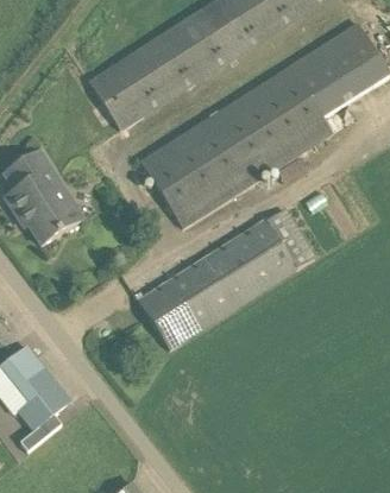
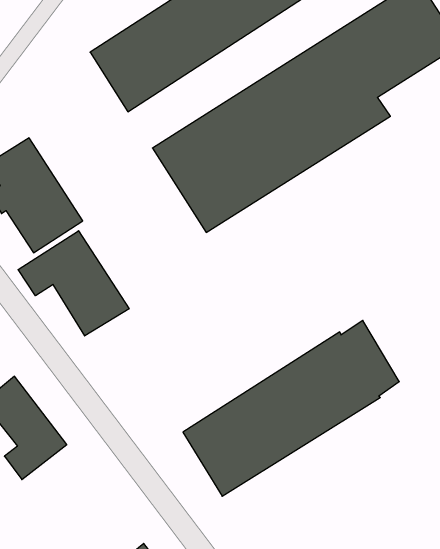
building: [137,207,314,350] -> [183,320,399,496]
building: none -> [18,231,129,336]

